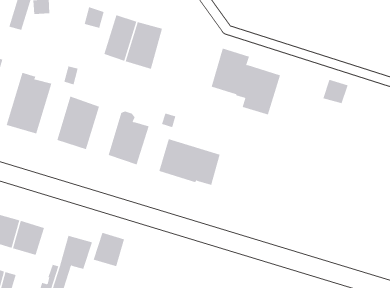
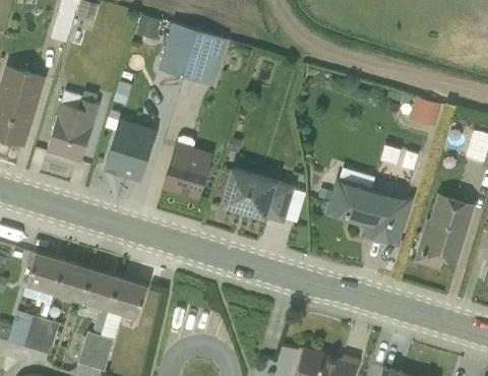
building: [211,48,281,115] -> [329,168,410,245]
building: none -> [419,196,473,270]
building: [93,232,125,267] -> [81,269,118,309]

